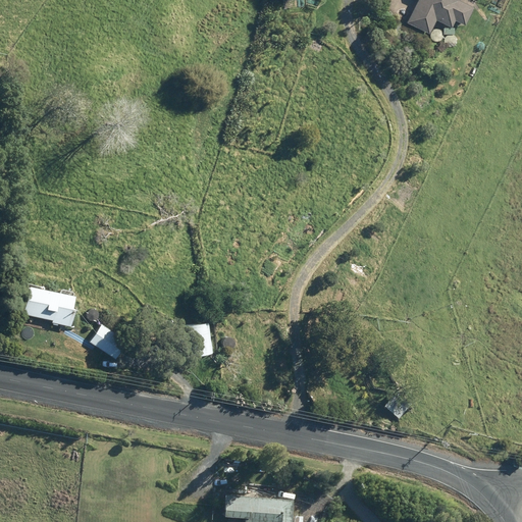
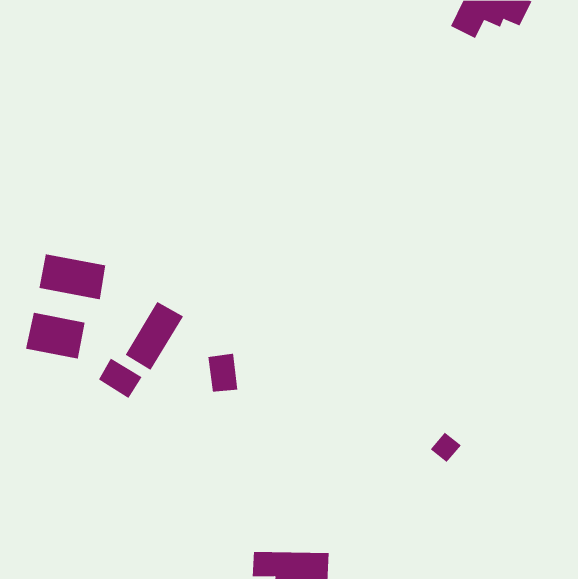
building: none -> [39,254,106,300]
building: none -> [125,301,184,371]

